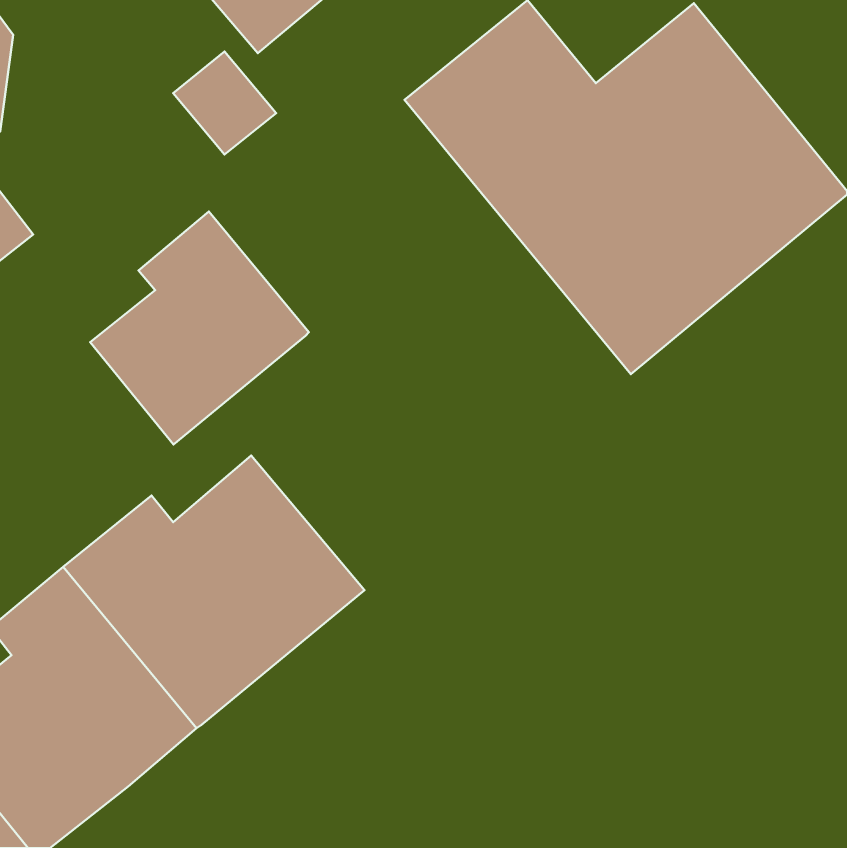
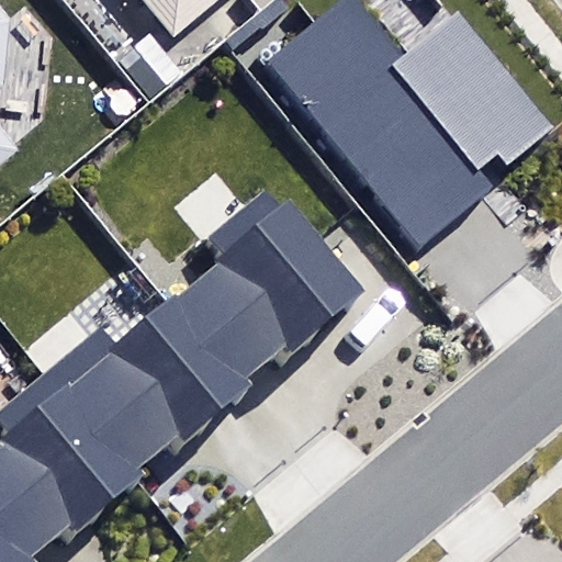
building: [90,211,309,445] -> none
building: none -> [166,201,361,390]

